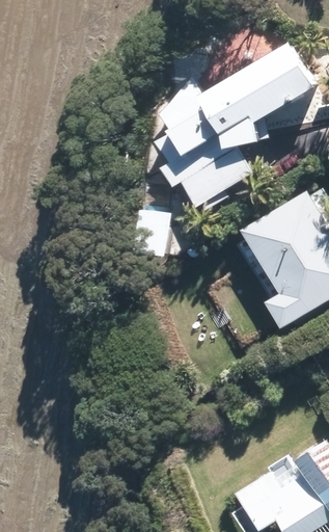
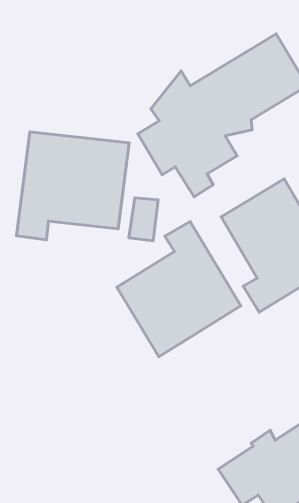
building: none -> [17,132,129,240]
building: none -> [117,222,241,357]

